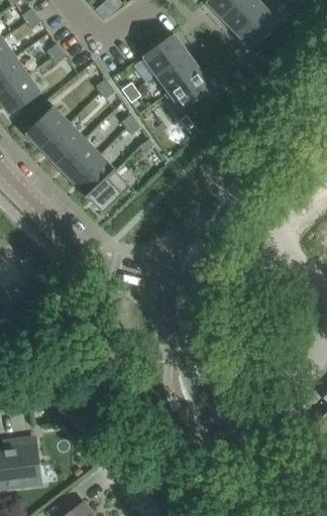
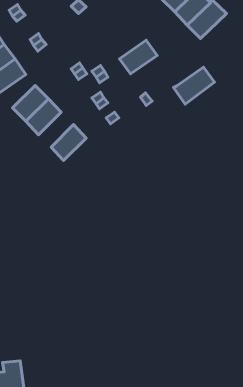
building: [142,32,187,73] -> none
building: [164,69,213,113] -> [173,67,214,104]
building: [57,137,99,179] -> none
building: [87,168,130,212] -> none

